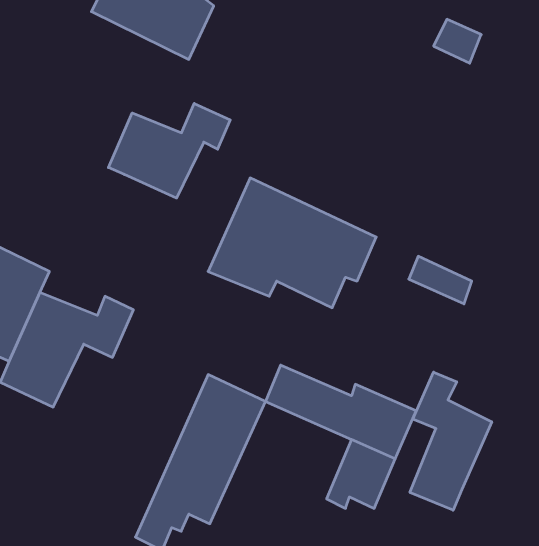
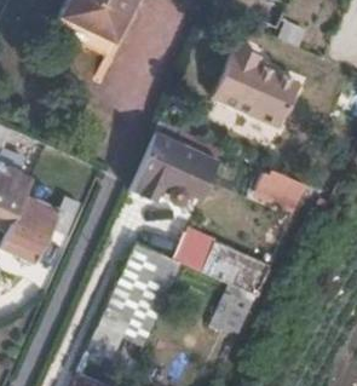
building: none -> [211,45,296,126]
building: [108,103,230,198] -> none
building: [410,372,492,510] -> none

